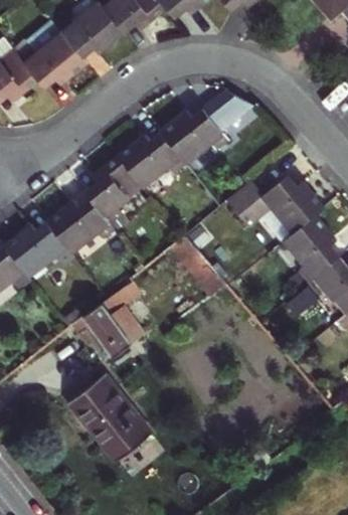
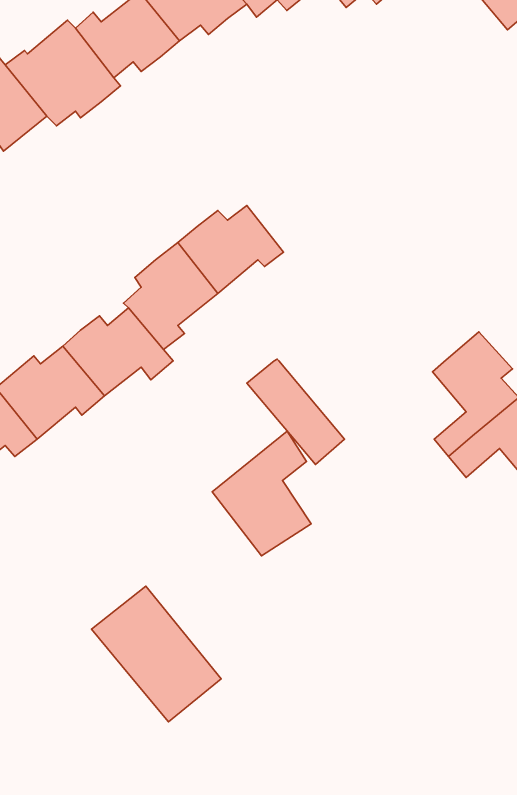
building: [164,94,252,164] -> none
building: [220,176,320,239] -> none
building: [82,274,145,352] -> [212,431,311,556]

